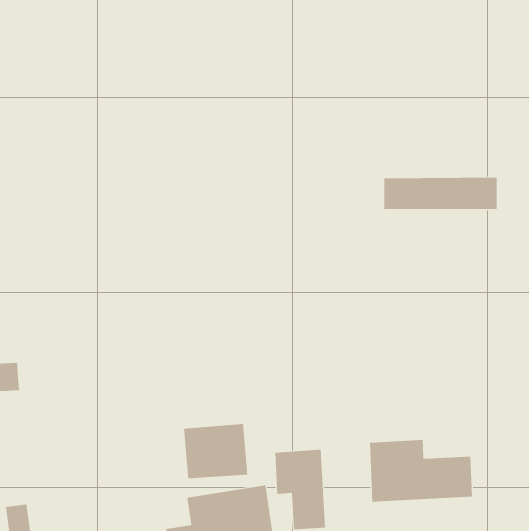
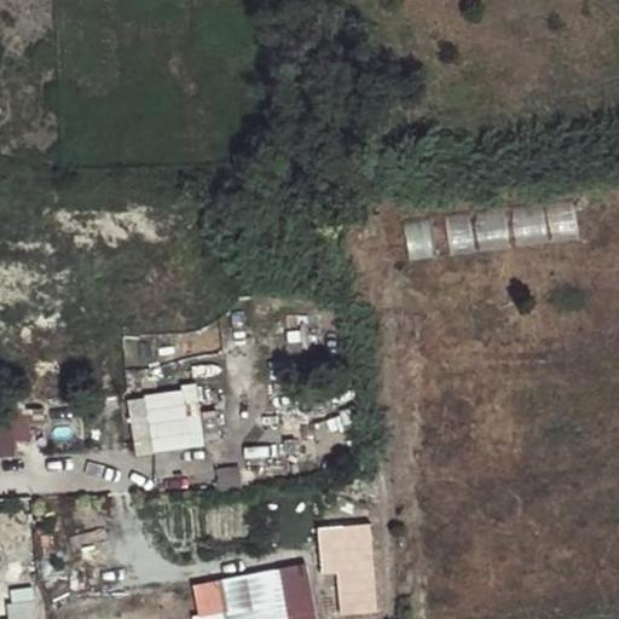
building: [183,423,248,479] -> [127,389,202,453]
building: [370,439,473,503] -> none

